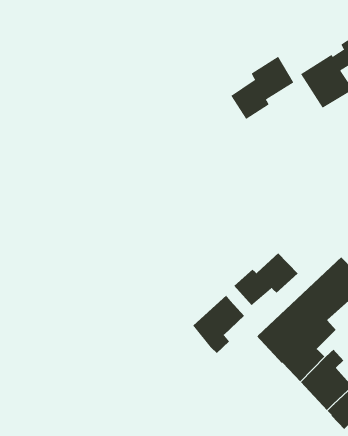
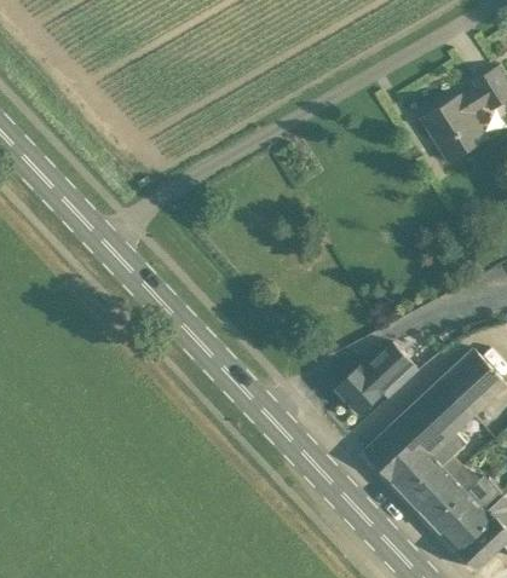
building: [230,56,294,120] -> none
building: [193,295,245,354] -> none

